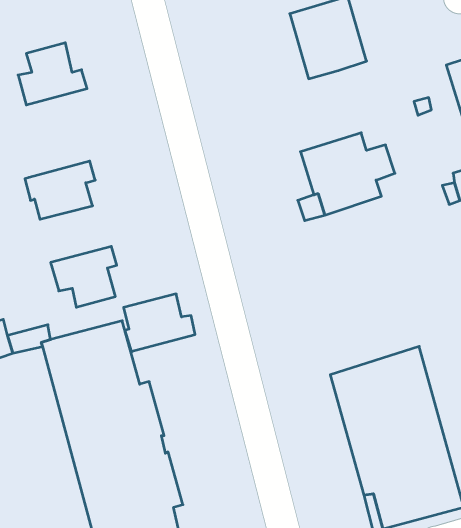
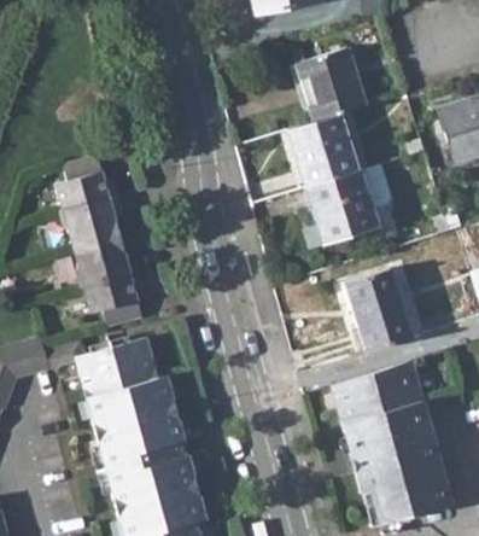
building: [18,43,87,105] -> [57,155,118,210]
building: none -> [288,115,357,187]
building: none -> [344,268,413,351]
building: [124,294,195,352] -> [74,235,138,287]

